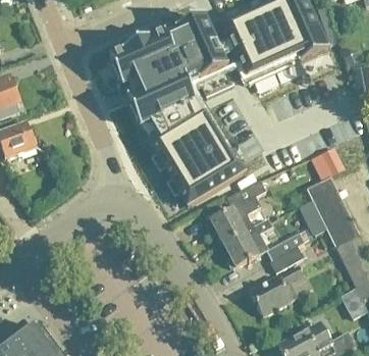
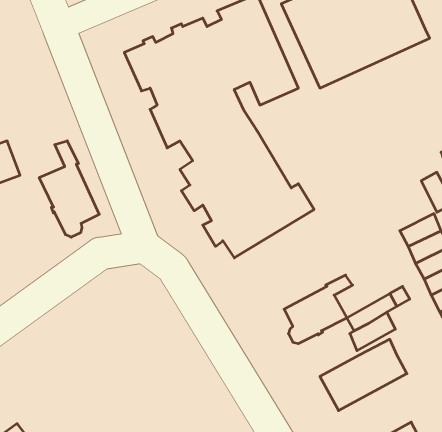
building: none -> [39,141,99,237]
building: [209,180,264,243] -> none

